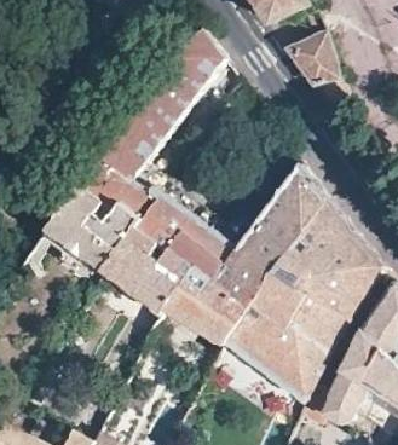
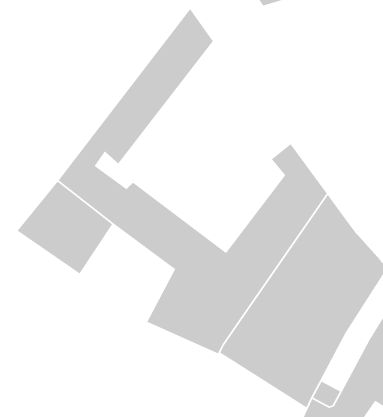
building: [281,34,336,88] -> none
building: [102,226,188,316] -> none

